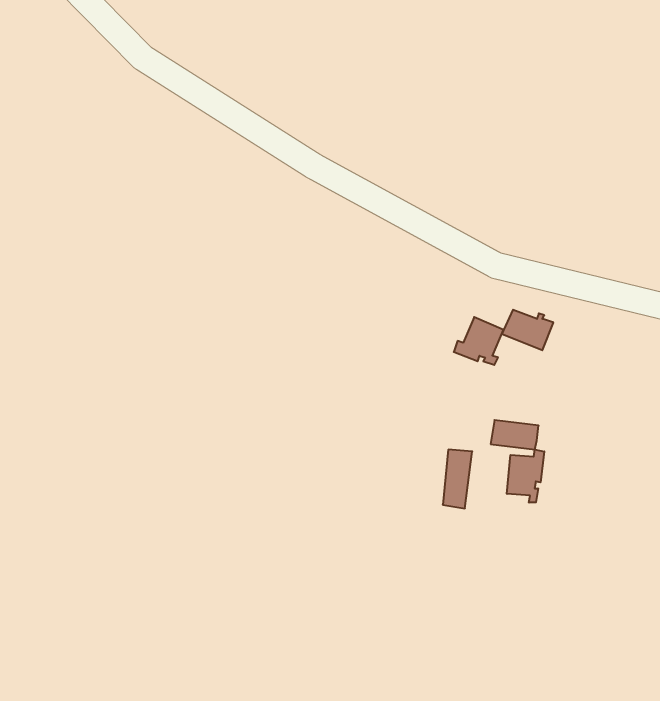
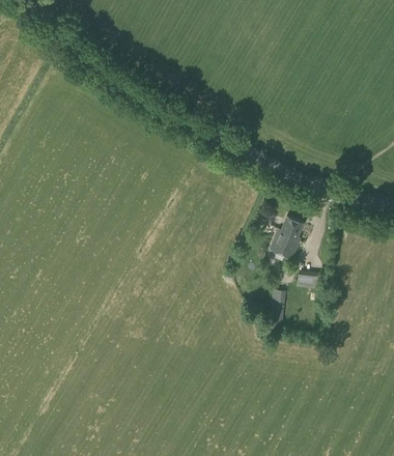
building: [502,310,553,350] -> [270,235,299,258]
building: [507,450,544,503] -> none

